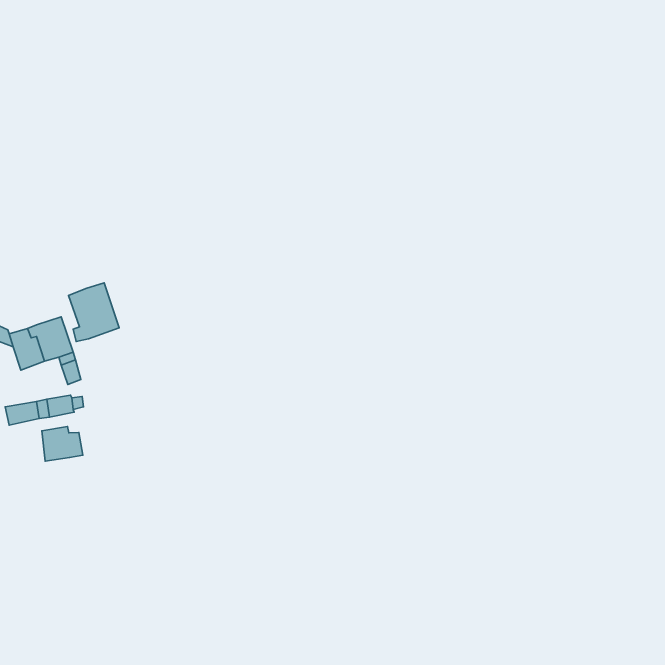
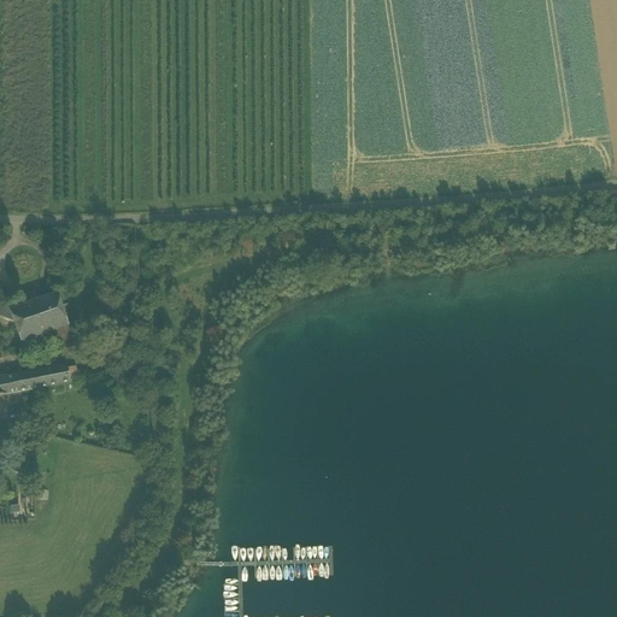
building: [69,283,119,342] -> none
building: [42,427,83,461] -> none

